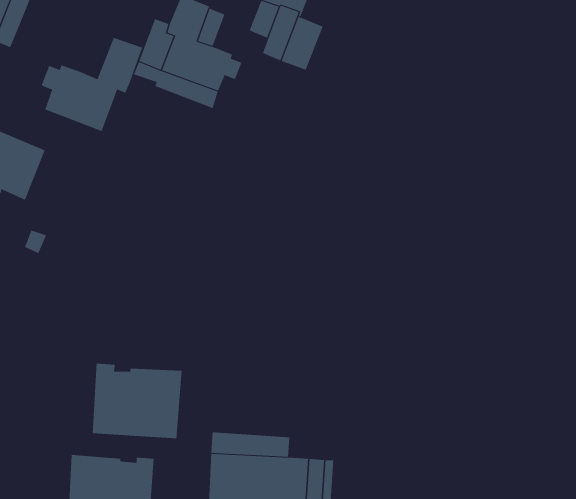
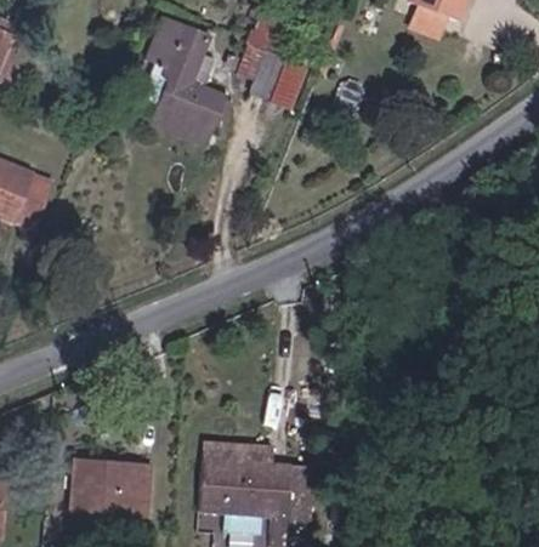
building: [41,37,143,132] -> none
building: [92,363,182,439] -> none

